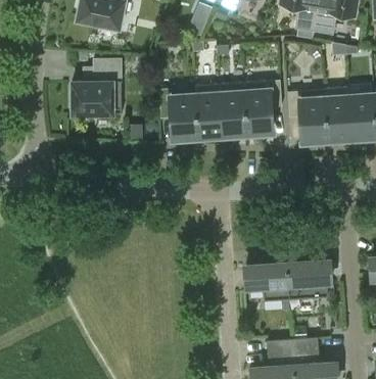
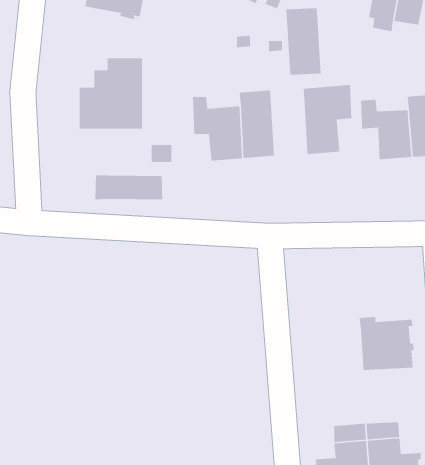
building: [219,84,246,136] -> [285,8,321,76]
building: none -> [95,175,163,200]
building: [245,259,289,302] -> none

